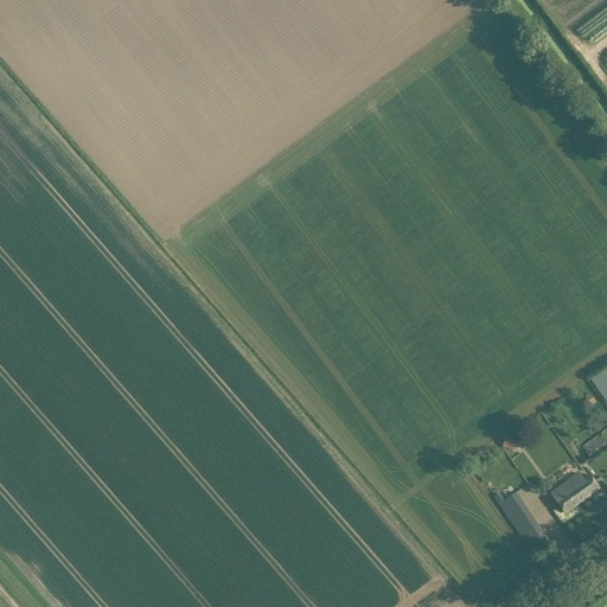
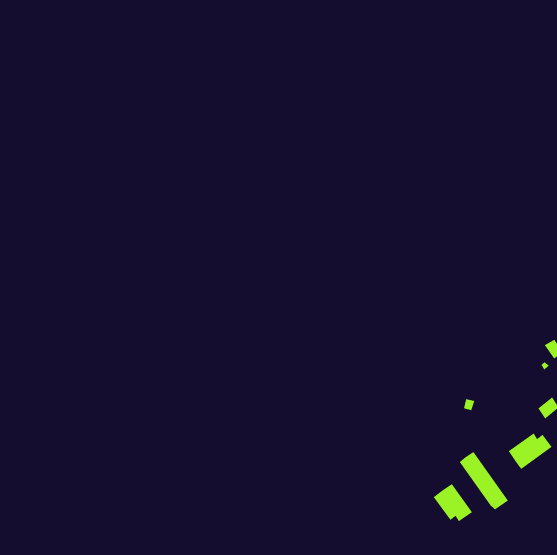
building: none -> [433,483,473,522]

